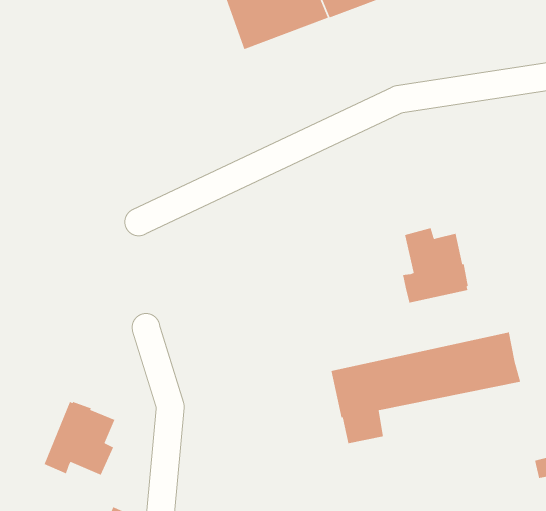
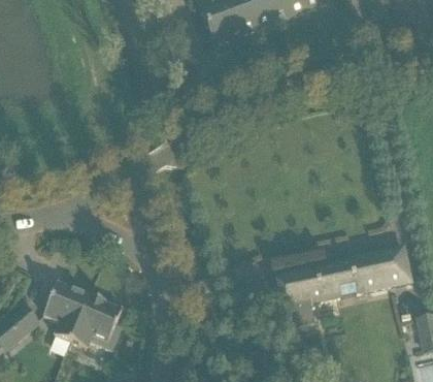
building: [402,227,469,304] -> none
building: none -> [44,282,90,341]

